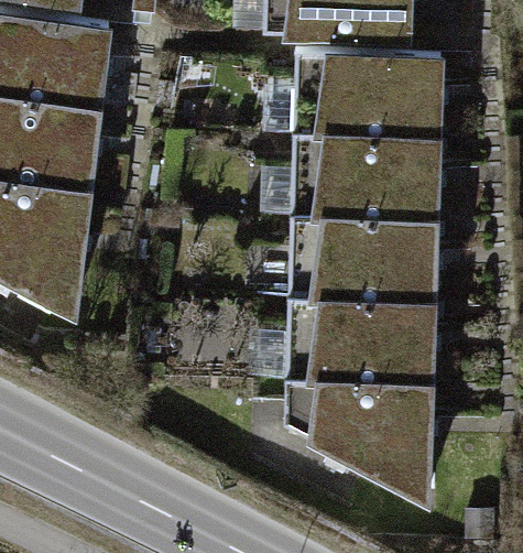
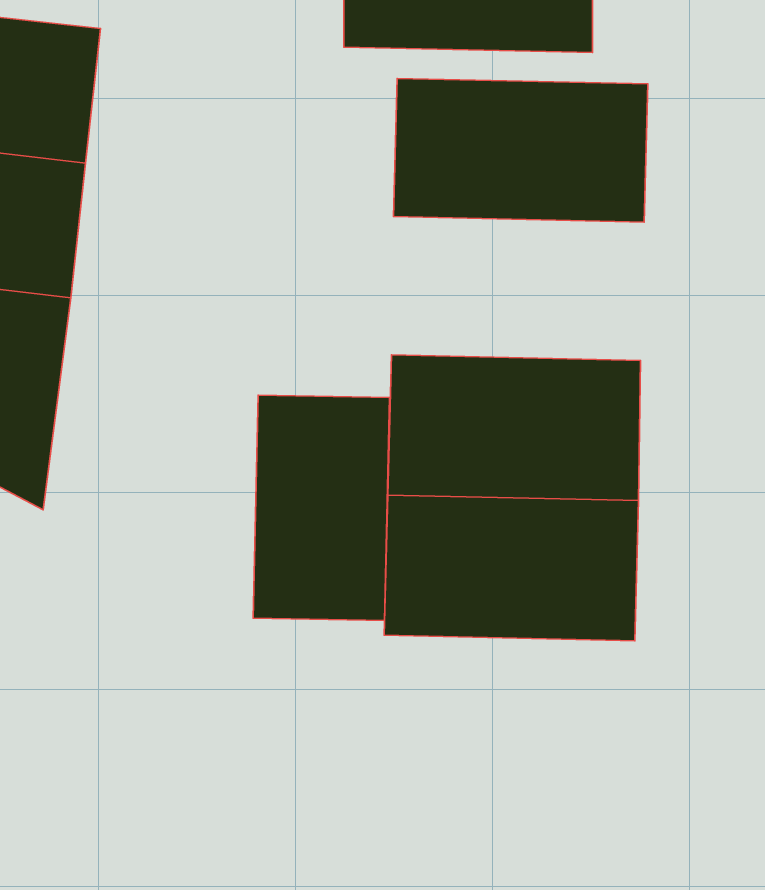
building: [288,139,439,225] -> none
building: none -> [253,395,390,620]
building: [284,389,434,512] -> none

